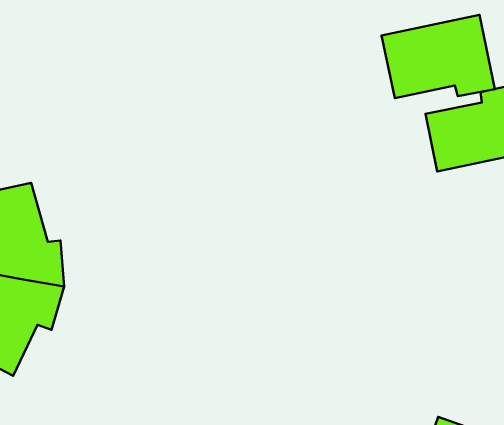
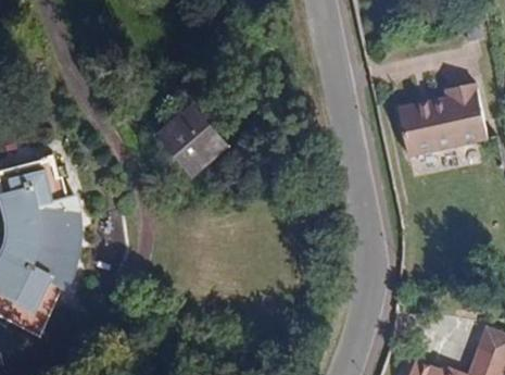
building: [381,15,495,98] -> none
building: none -> [164,113,218,166]

